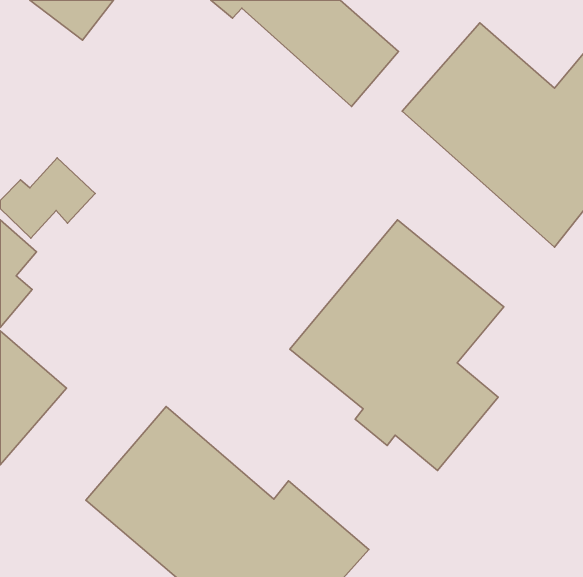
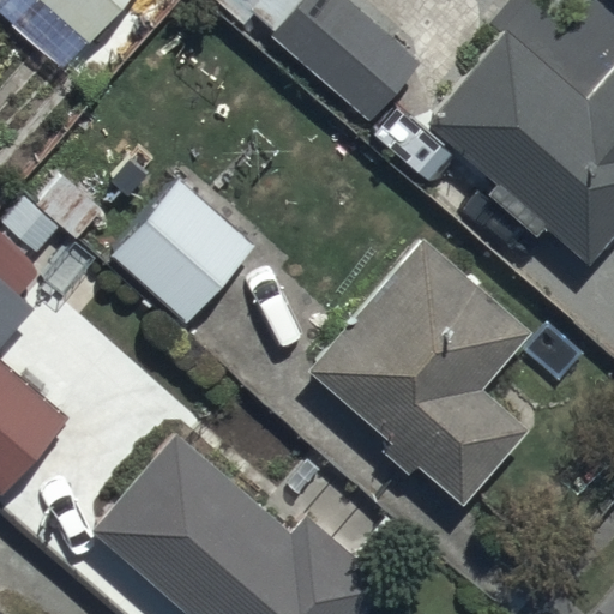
building: none -> [112,180,255,324]

